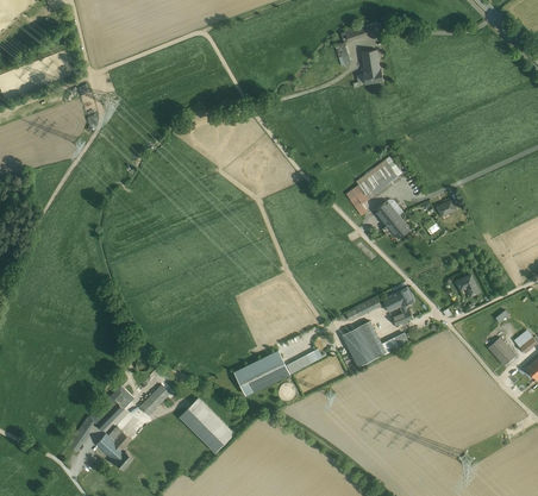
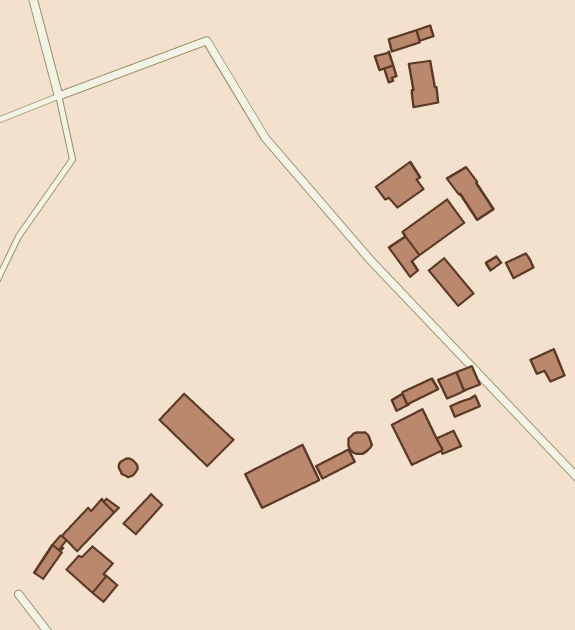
building: none -> [376,162,423,207]
building: none -> [447,167,493,220]
building: [179,397,236,453] -> [159,394,233,466]

